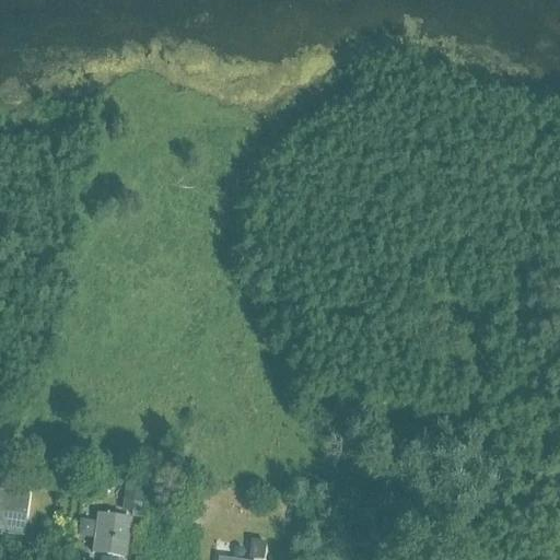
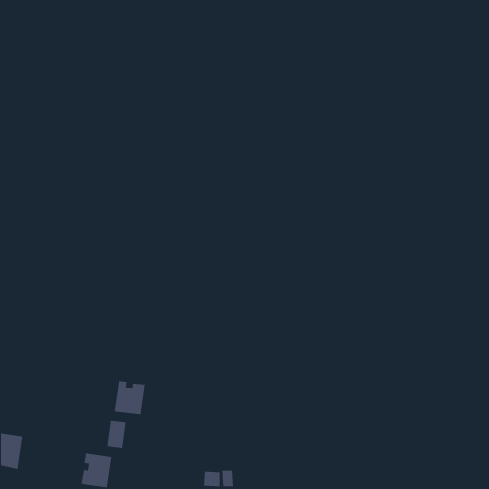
building: none -> [114,381,146,415]

